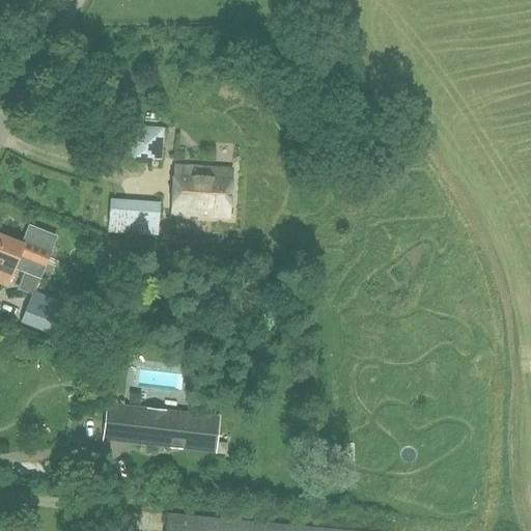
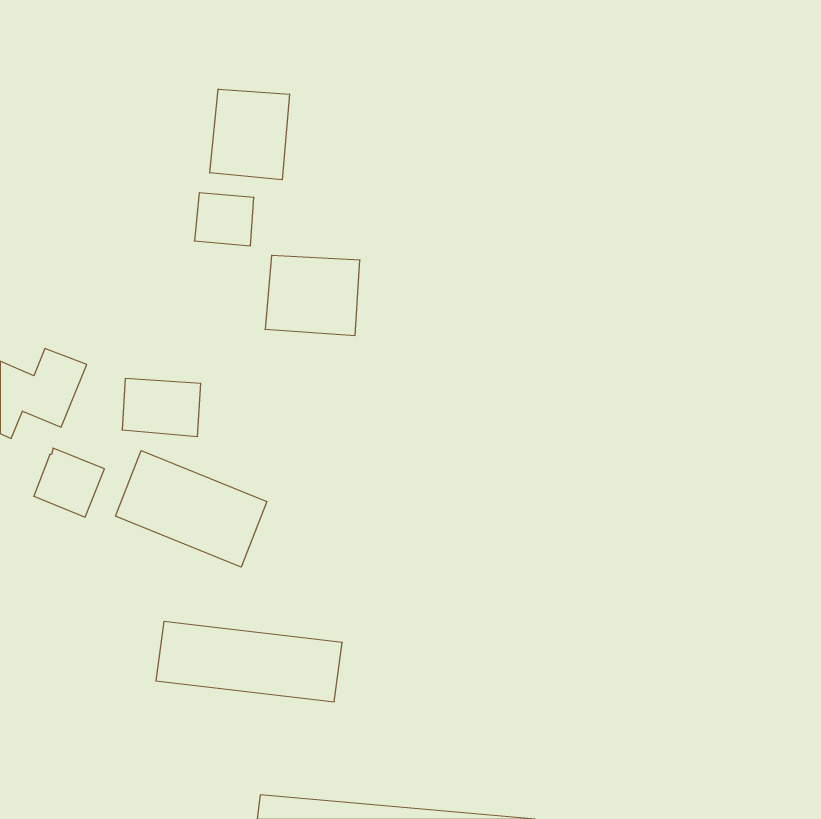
building: none -> [210,89,289,180]
building: [108,198,159,235] -> [122,379,201,436]
building: none -> [116,451,267,567]

